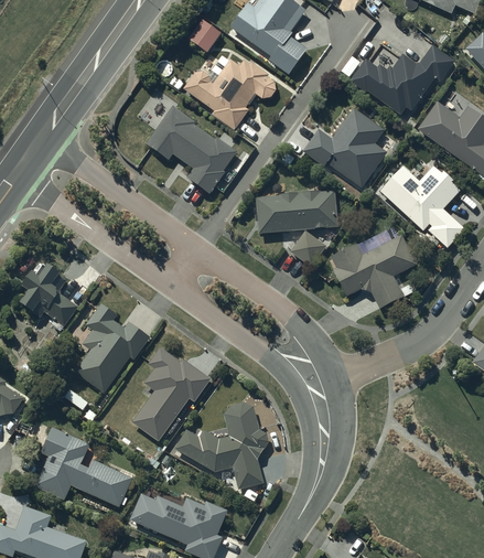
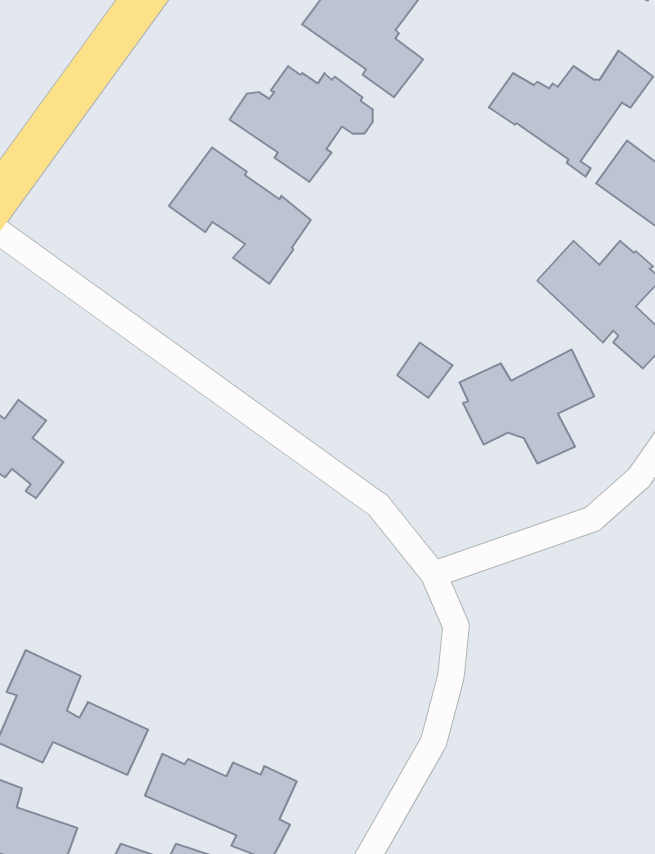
building: [189,19,221,51] -> none
building: [303,108,387,187] -> none
building: [255,191,337,233] -> none
building: [75,308,150,393] -> none
building: [132,347,209,440] -> none
building: [175,403,268,489] -> none

